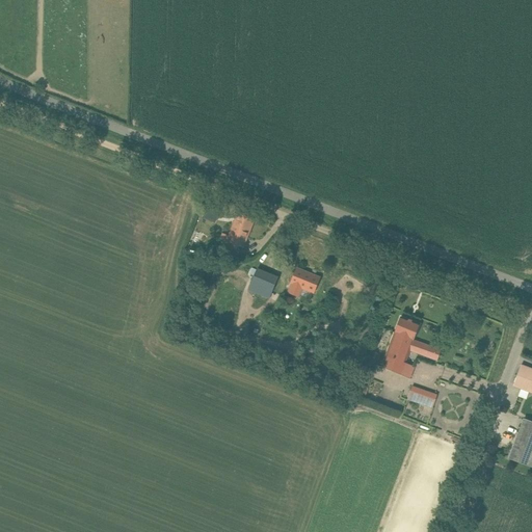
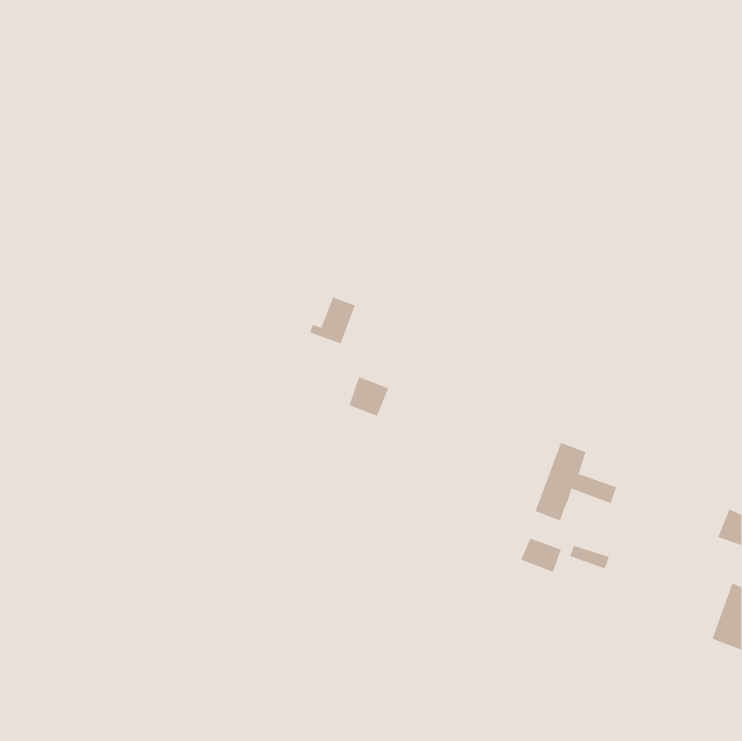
building: [289,267,320,295] -> none
building: none -> [520,538,562,573]

